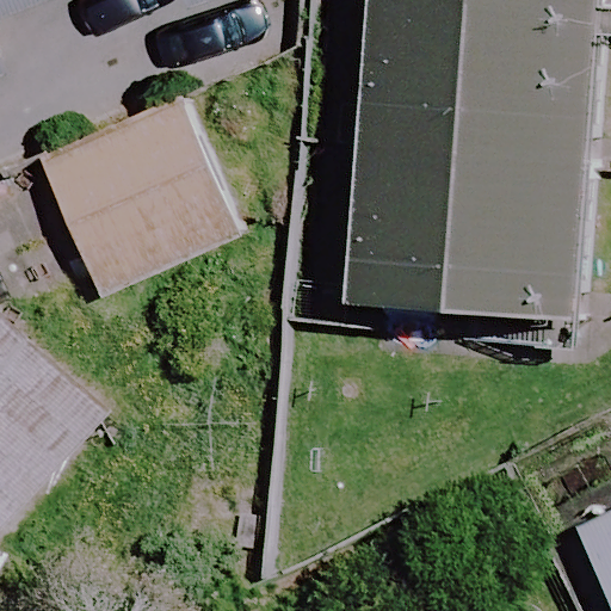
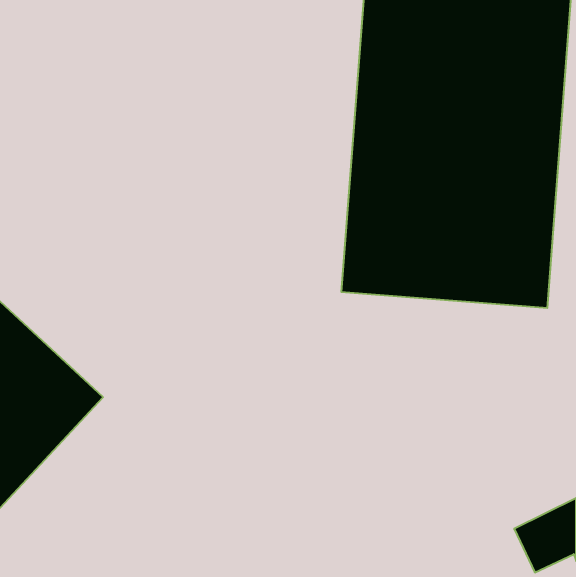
building: [32,100,235,298] -> none

